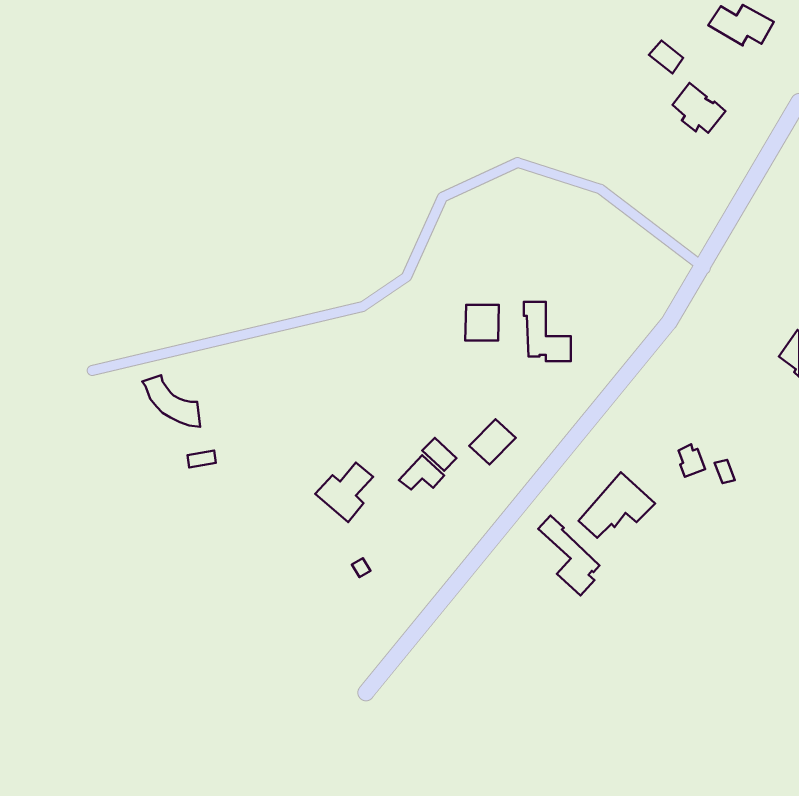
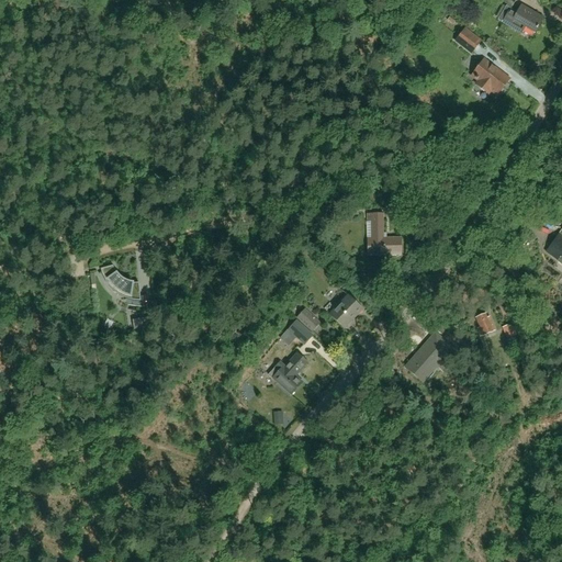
building: [465,305,499,340] -> none
building: [315,463,373,522] -> [268,351,308,393]
building: [538,516,600,595] -> none

